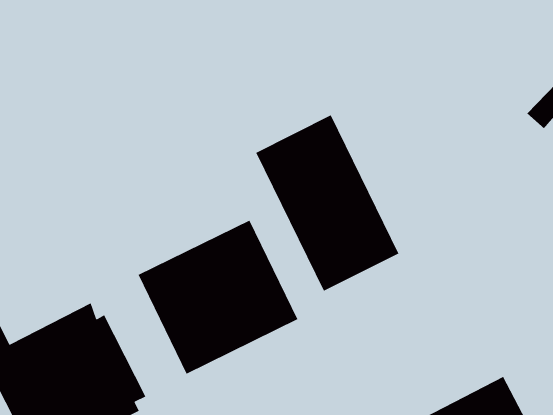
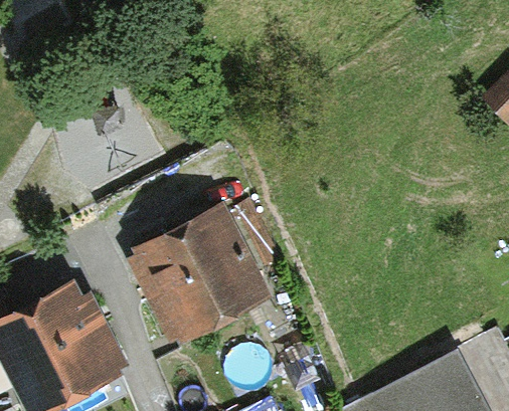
building: [255,114,400,292] -> none

